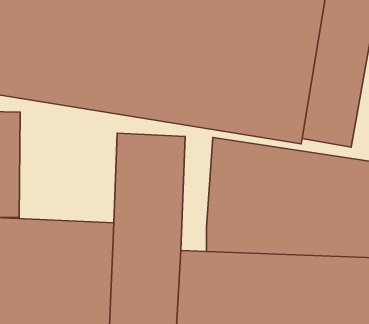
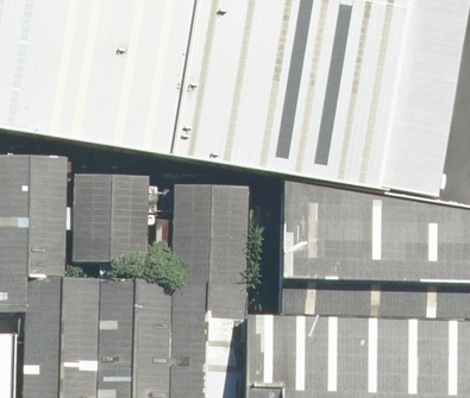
building: none -> [71,163,149,263]

